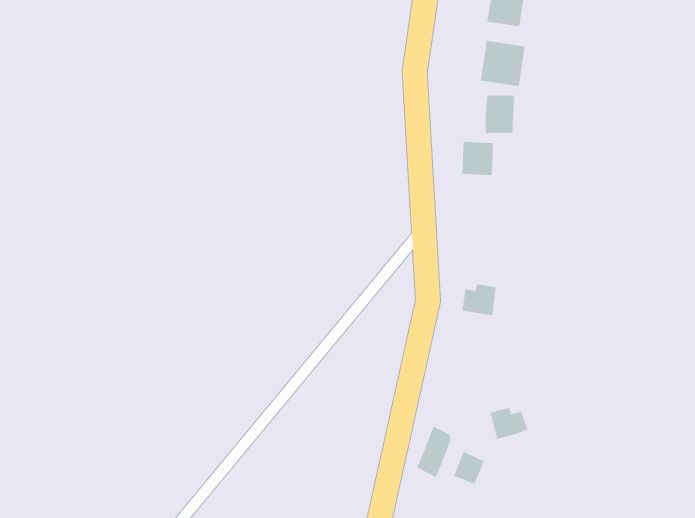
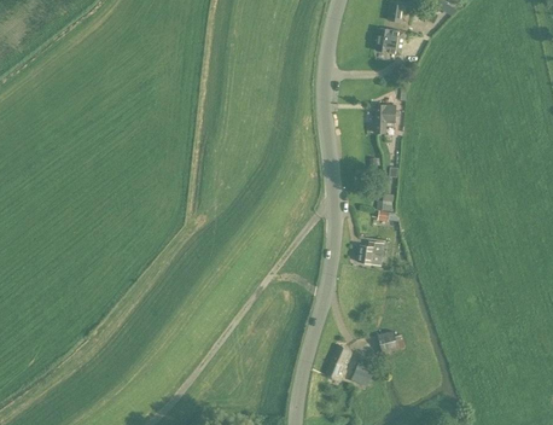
building: [480,40,525,87] -> none
building: [462,141,493,176] -> none

